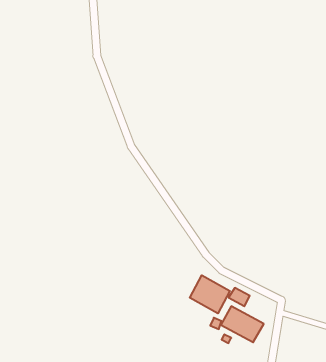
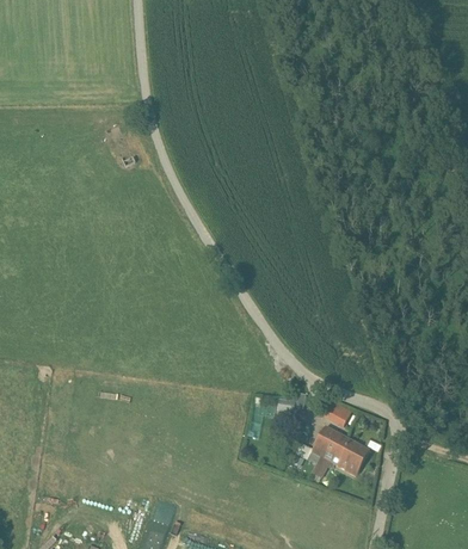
building: [190,275,230,313] -> none

